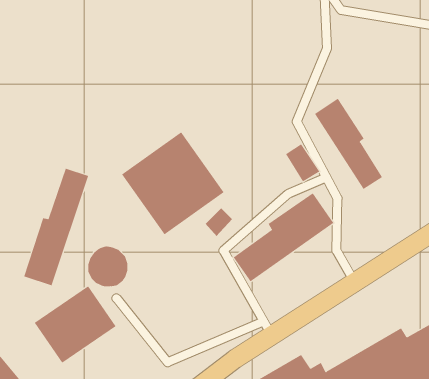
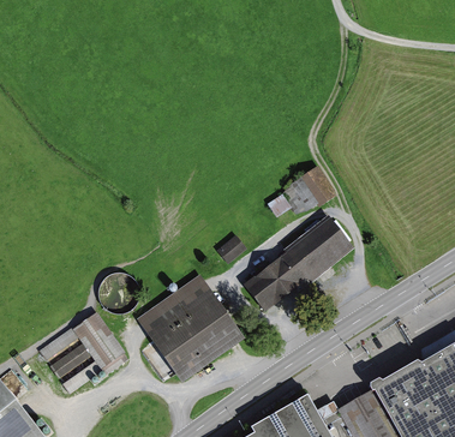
building: [314,98,383,190] -> none
building: [121,132,225,235] -> [137,275,244,382]
building: [23,168,89,286] -> none

